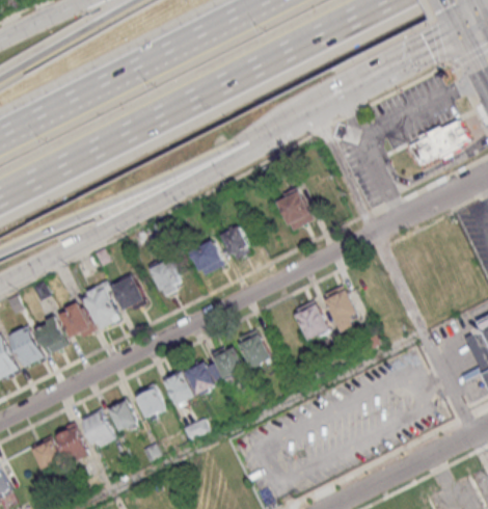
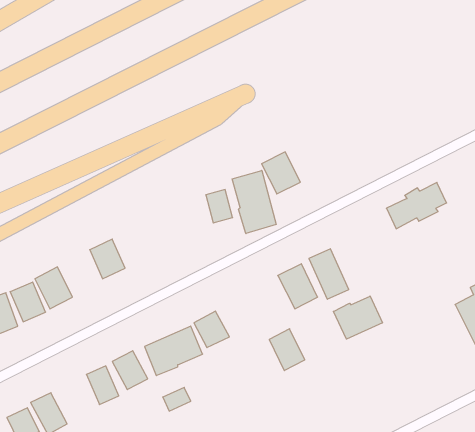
building: [409,120,467,165] -> [386,182,447,229]
building: none -> [232,170,276,234]
building: [189,239,223,275] -> none
building: [148,259,183,296] -> none
building: [81,283,119,328] -> none
building: [236,328,270,369] -> [269,329,305,371]
building: none -> [333,296,382,339]
building: [80,408,114,449] -> none

